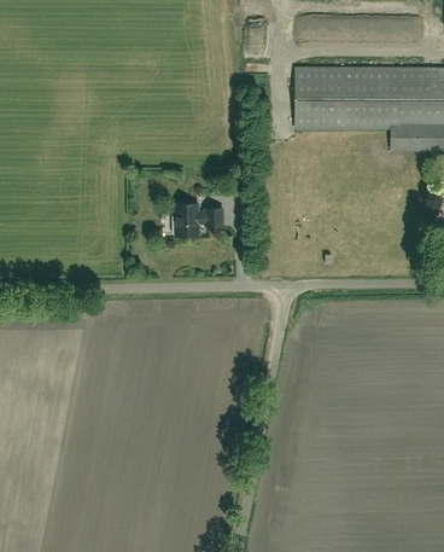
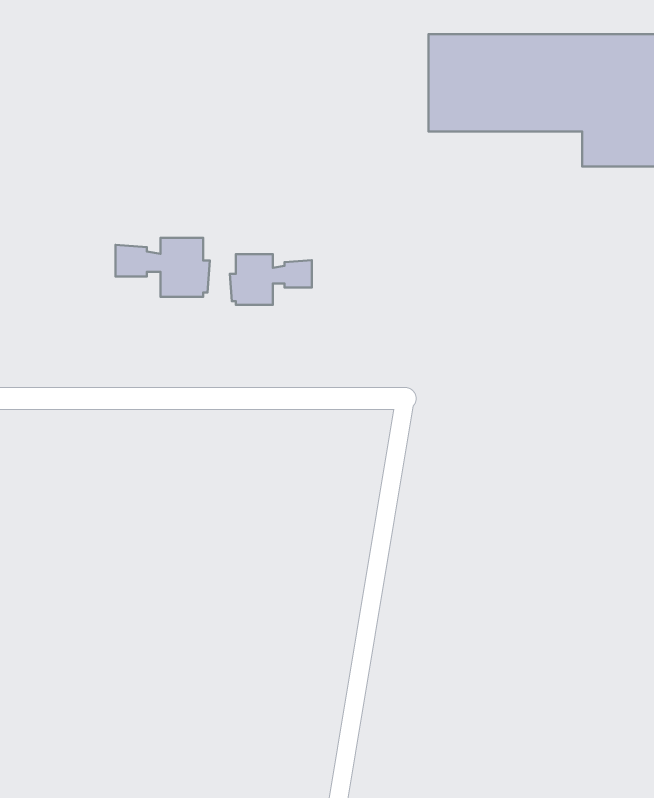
building: none -> [116,238,210,297]

